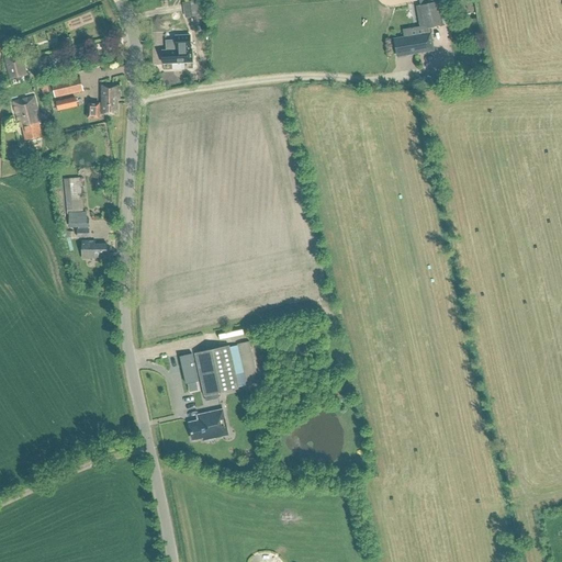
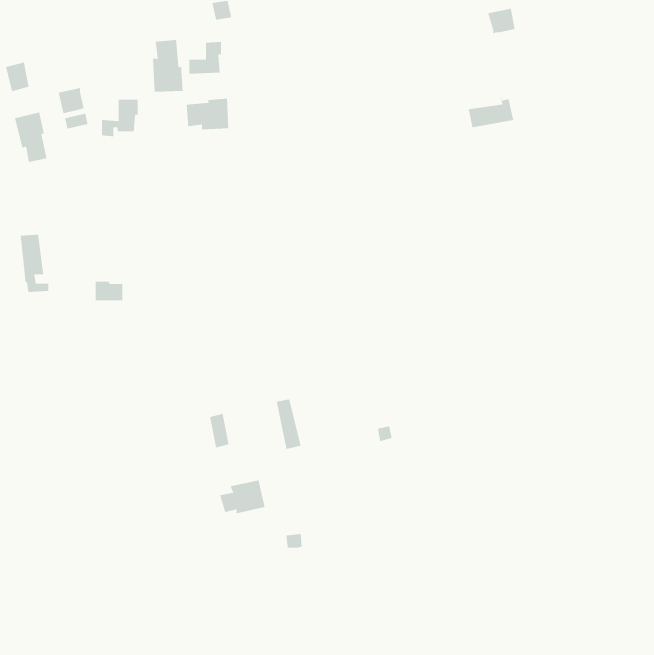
building: [392,26,431,54] -> [468,96,514,128]
building: none -> [152,39,184,93]
building: none -> [186,98,229,130]
building: [63,178,88,228] -> [20,234,49,293]
building: [193,346,238,402] -> none

